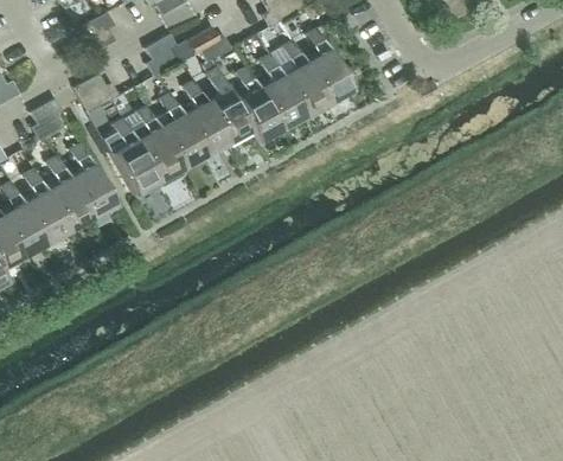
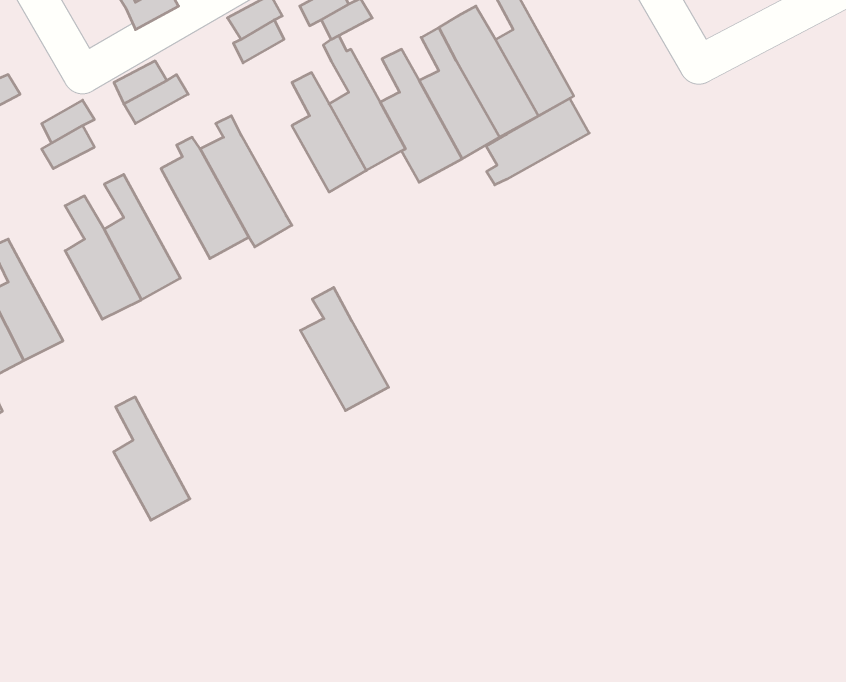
building: [153,91,206,166] -> [300,287,389,411]
building: none -> [486,98,589,185]
building: [23,167,69,242] -> [114,397,190,520]

